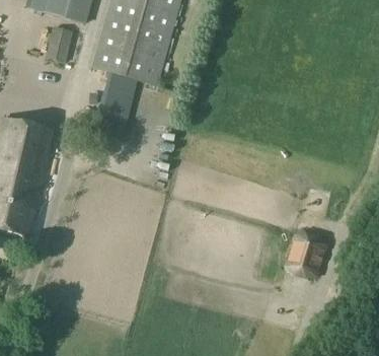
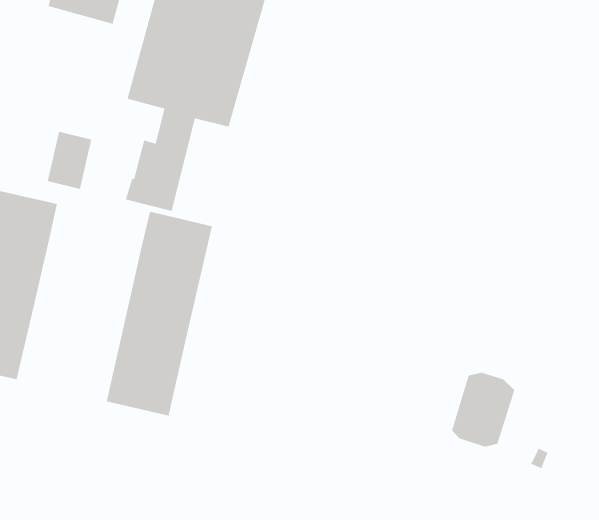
building: [45,26,72,62] -> [47,131,92,190]
building: none -> [106,211,213,417]

